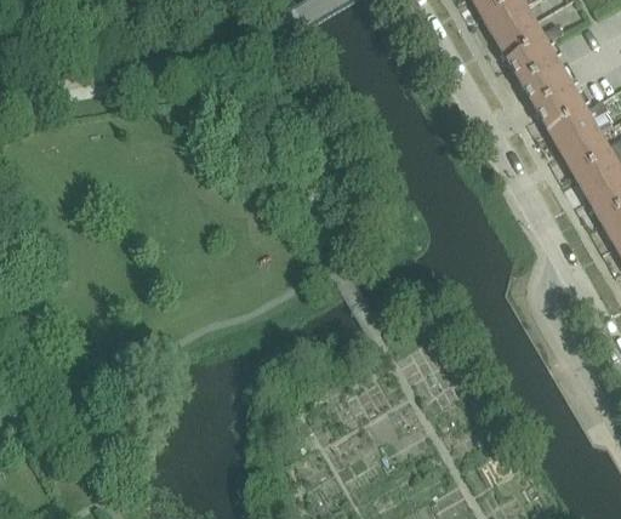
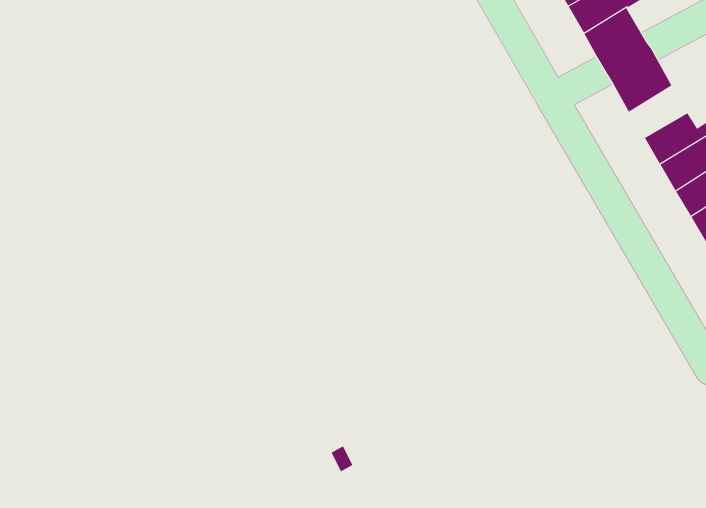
building: [549,102,609,155] -> none

